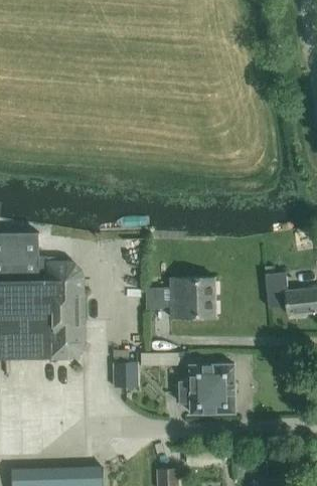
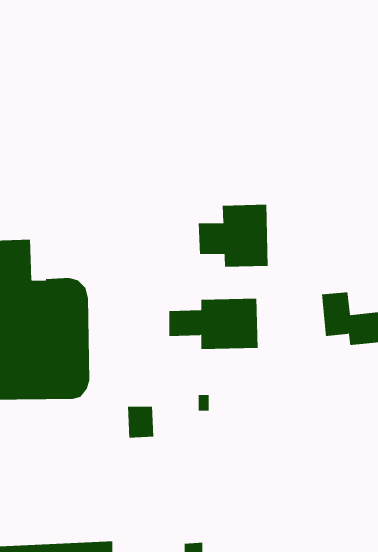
building: none -> [198,204,268,267]
building: [179,364,234,414] -> none

